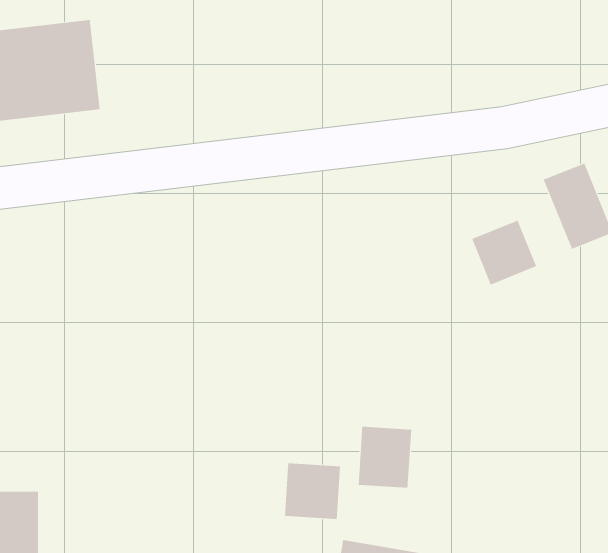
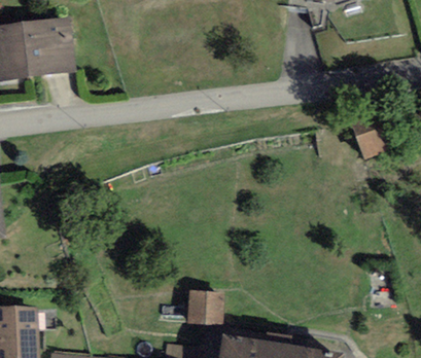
building: [472,220,537,285] -> none
building: [358,426,412,489] -> none

